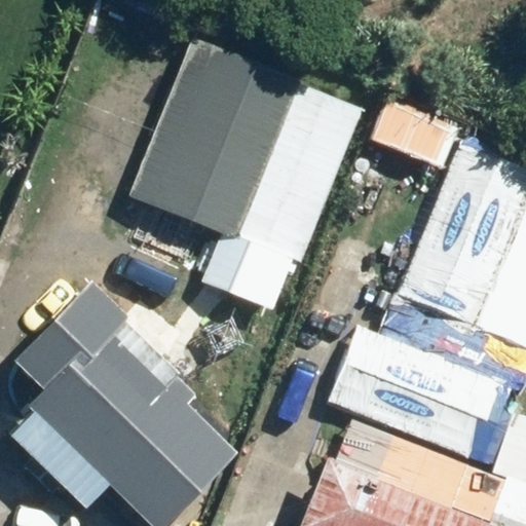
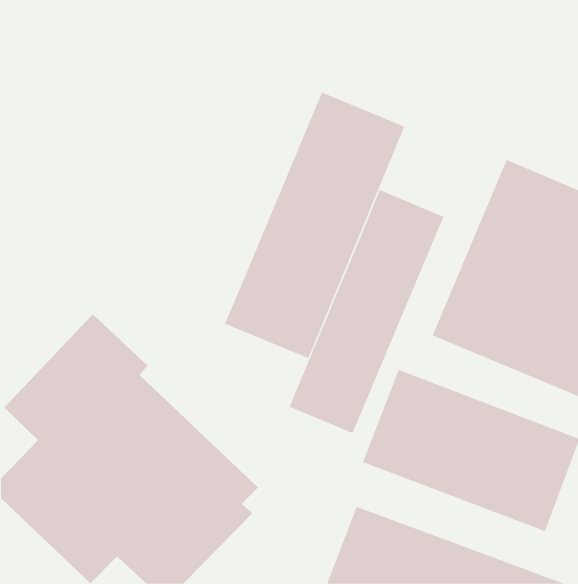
building: [125,37,298,238] -> none
building: none -> [289,189,444,434]

